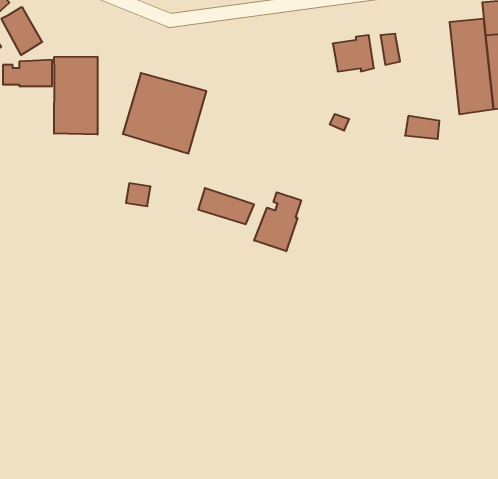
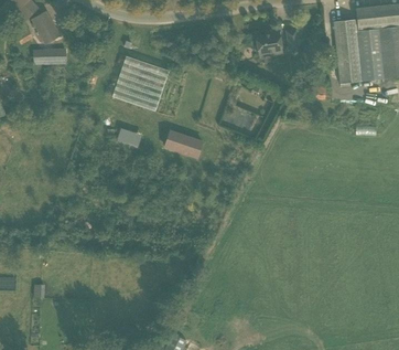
building: [54,57,97,135] -> none
building: [254,192,301,251] -> none

